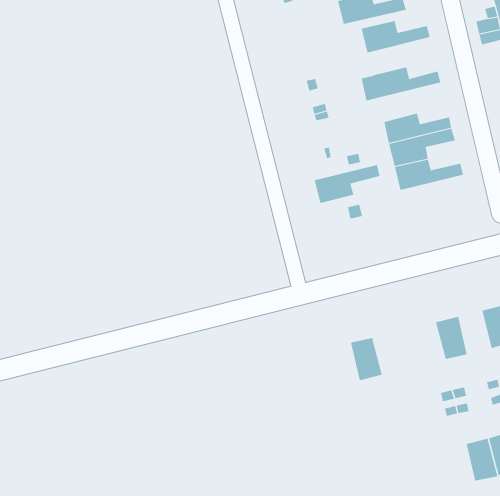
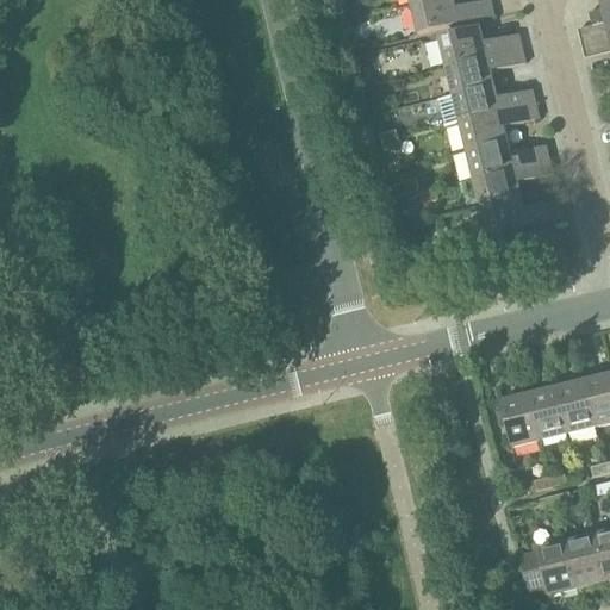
building: none -> [447,45,528,92]
building: [314,164,380,204] -> [460,100,541,148]
building: none -> [559,376,598,430]
building: [350,337,383,381] -> [503,391,542,443]
building: none -> [521,539,578,591]

